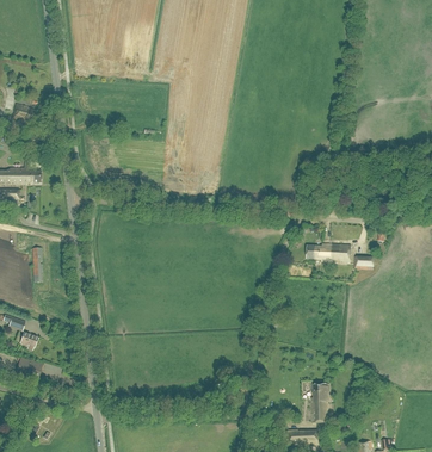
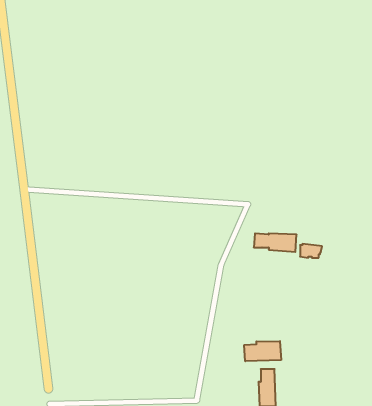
building: none -> [244,341,281,361]

